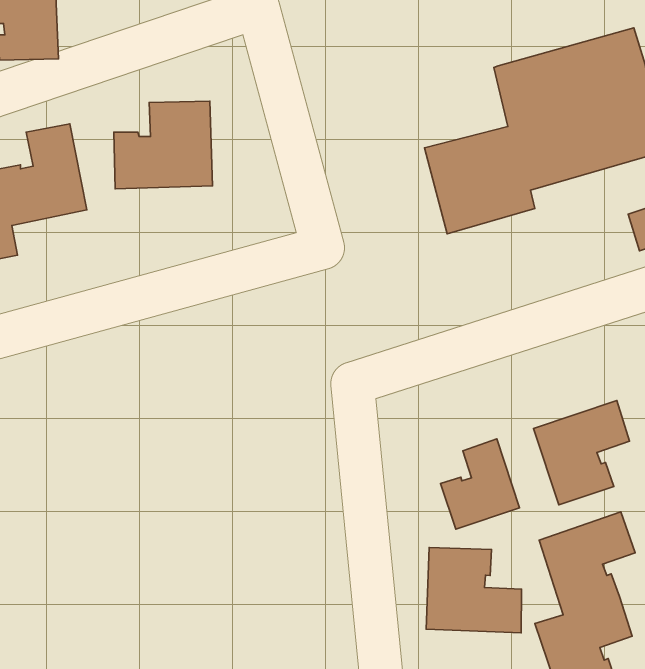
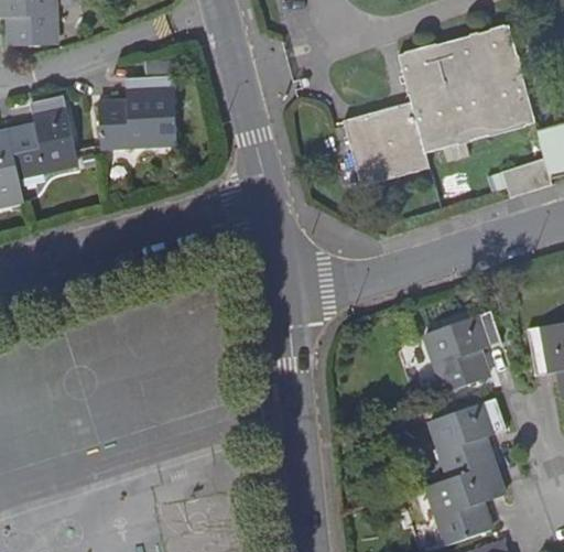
building: [440,439,519,529] -> none
building: [426,547,522,633] -> none

